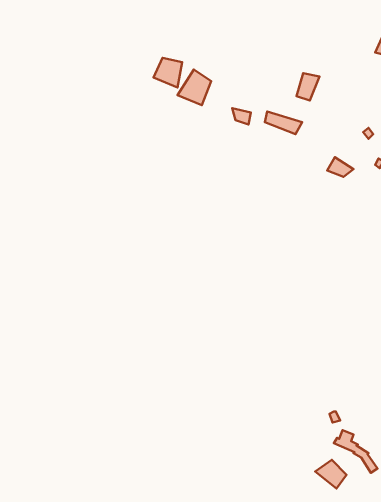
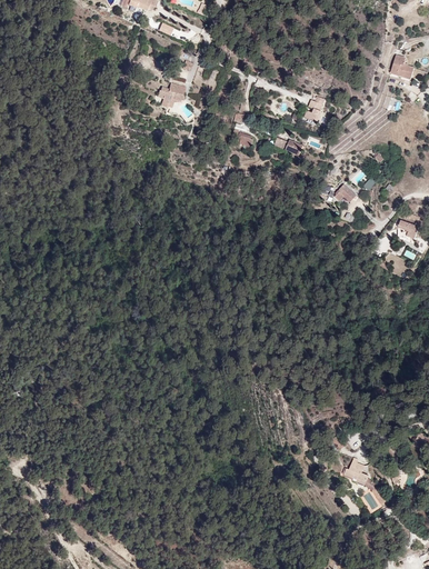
building: [177,70,211,105] -> none
building: [315,460,347,488] -> none

